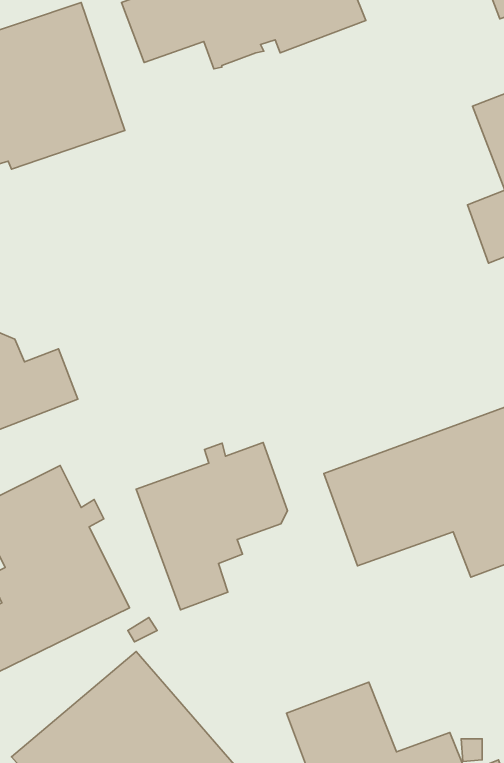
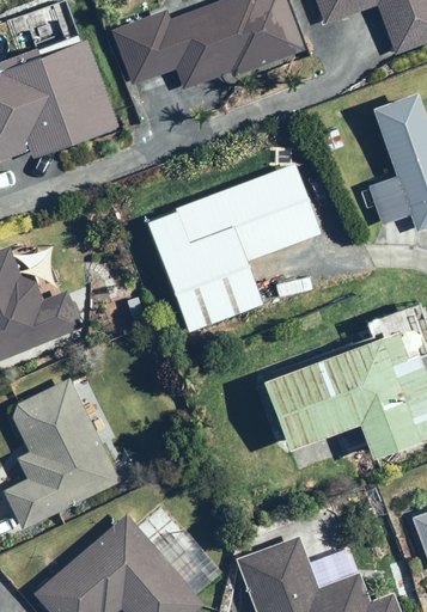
building: none -> [150,167,323,332]
building: [136,443,287,610] -> none

